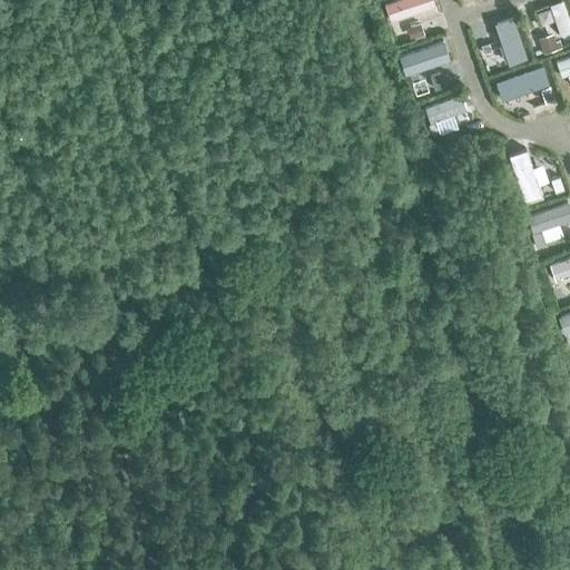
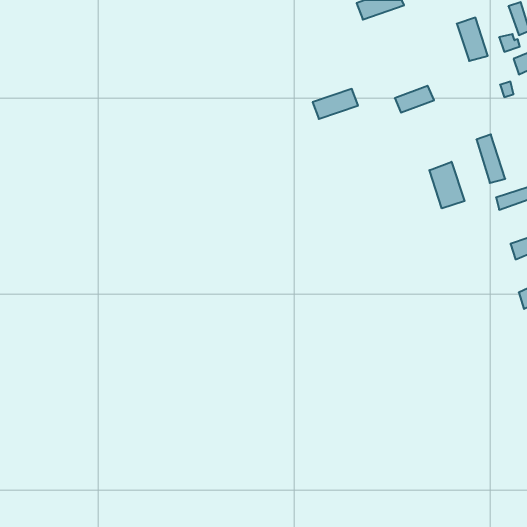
building: [403,41,452,73] -> [313,89,358,119]
building: [492,68,549,104] -> none
building: none -> [429,162,465,208]

